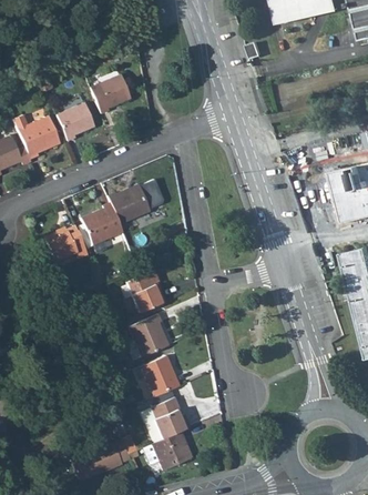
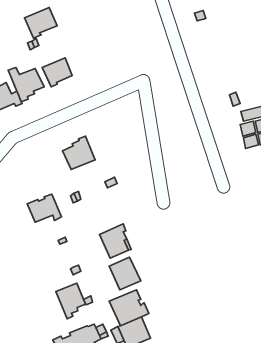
building: [88,74,129,113] -> [25,7,57,38]
building: [105,179,164,224] -> none
building: [42,225,85,261] -> [27,194,62,222]
building: [124,270,163,312] -> none
building: none -> [56,283,86,319]

